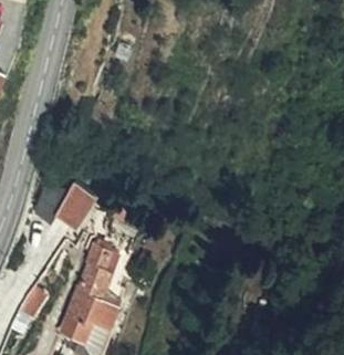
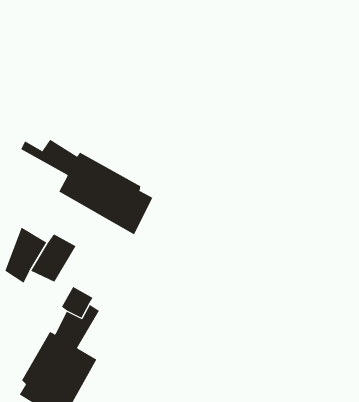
building: none -> [21,139,153,235]

